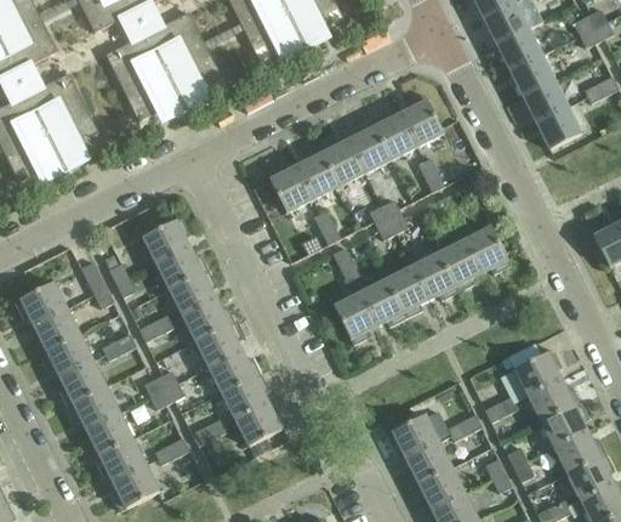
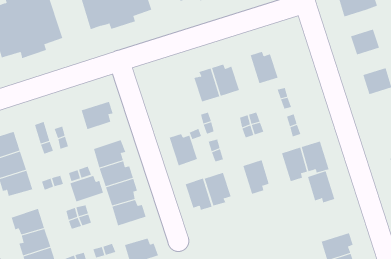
building: [496,29,541,70] -> none
building: [523,80,568,123] -> none
building: [400,93,444,146] -> none
building: [348,120,391,172] -> none
building: [267,165,313,212] -> [169,133,198,166]
building: [156,246,207,289] -> [70,175,104,202]
building: [412,253,457,300] -> [307,170,335,203]
building: [360,279,405,327] -> [185,178,213,211]
building: [59,361,106,405] -> none
building: [222,374,269,419] -> none

